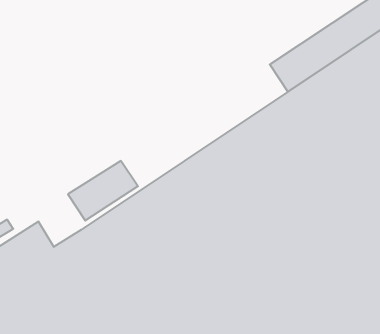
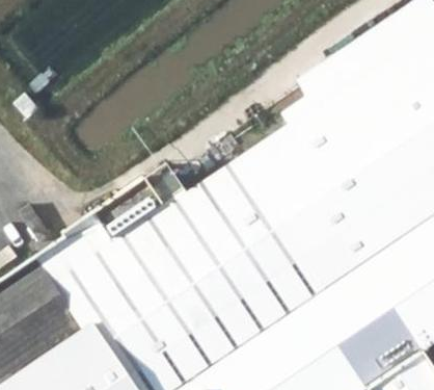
building: none -> [62,231,106,268]

